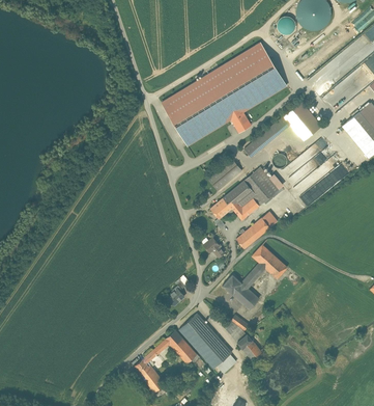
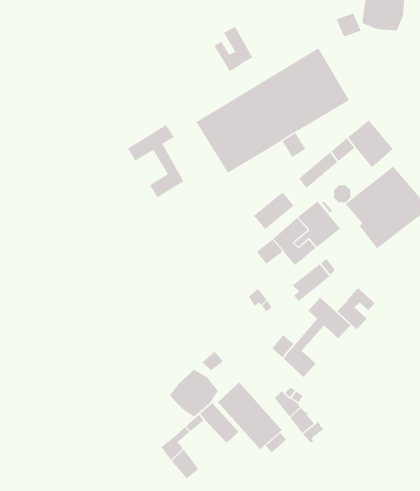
building: none -> [213,26,253,72]
building: none -> [127,124,184,198]
building: none -> [337,287,376,330]
building: none -> [169,369,219,418]

